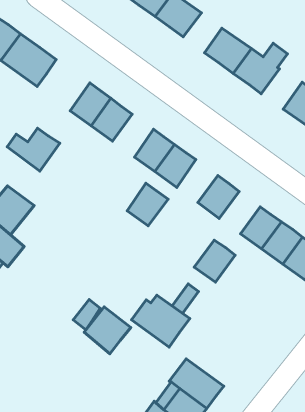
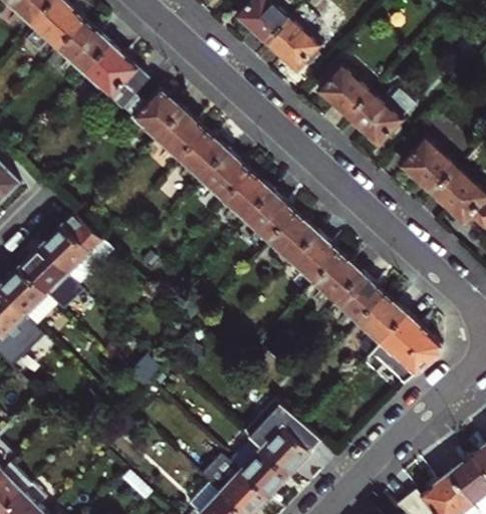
building: none -> [200,151,248,200]
building: [7,128,60,171] -> [122,89,182,139]
building: [127,183,168,226] -> [267,211,315,260]
building: [194,240,235,282] -> [311,253,359,301]
building: [132,295,190,347] -> [255,412,321,473]
building: [84,307,131,354] -> none

